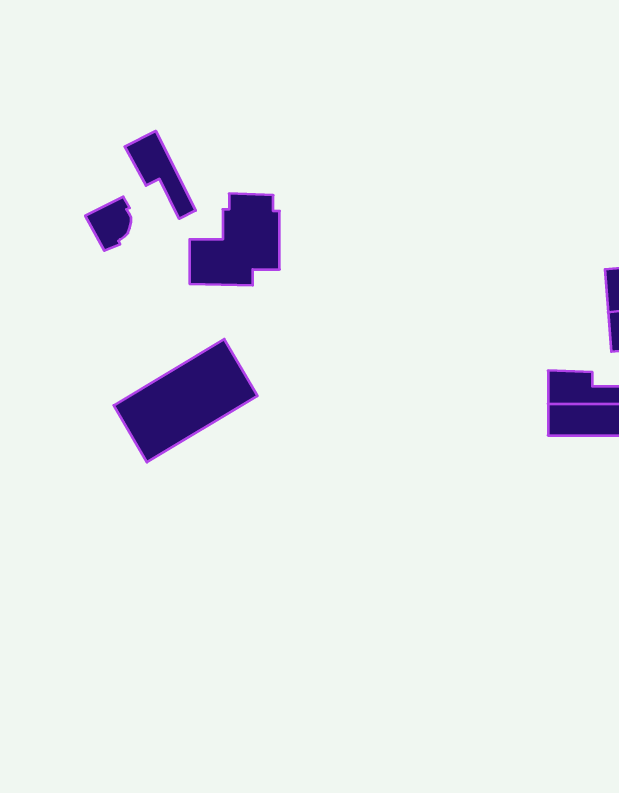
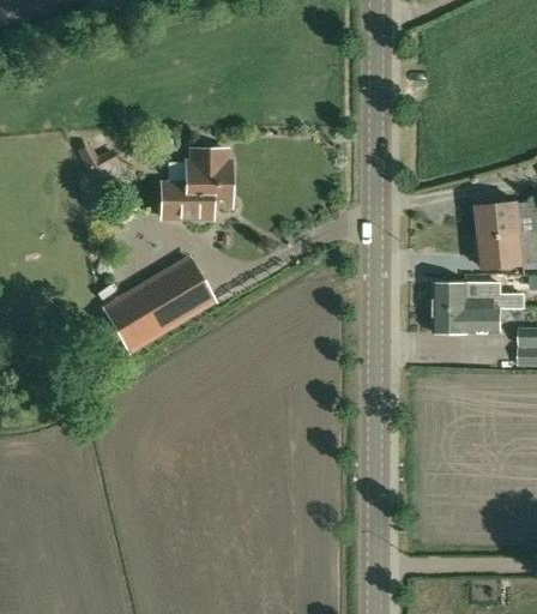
building: [125,131,196,219] -> none

